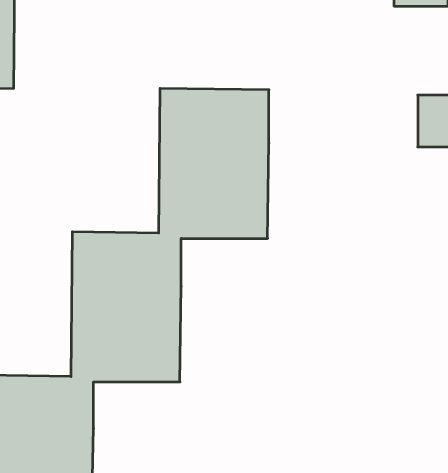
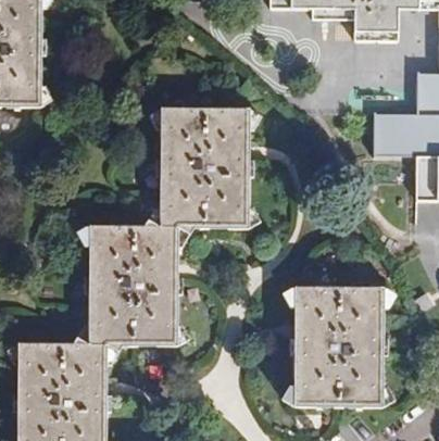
building: none -> [292,287,382,407]

